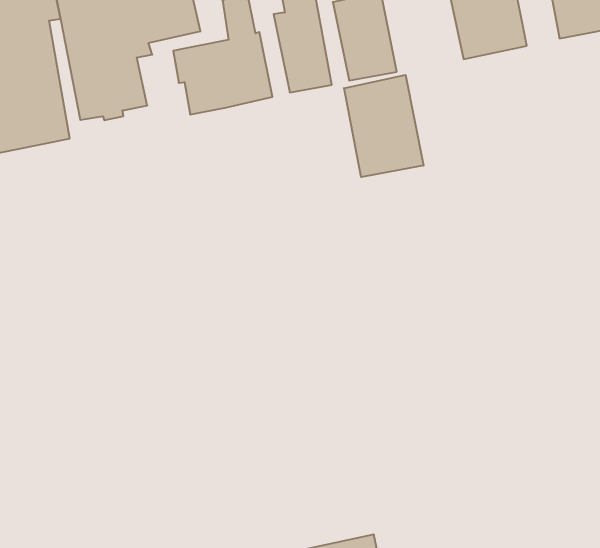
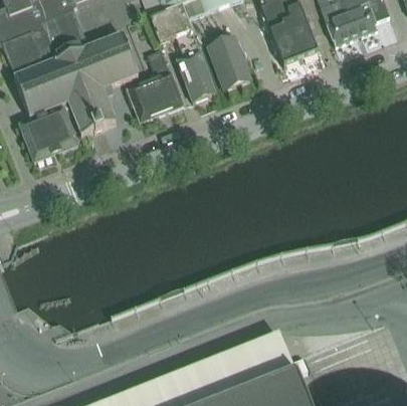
building: [344,75,424,177] -> none

